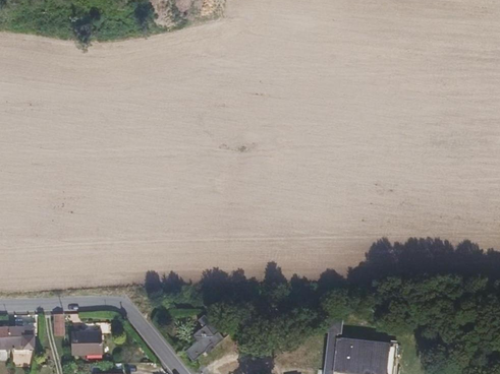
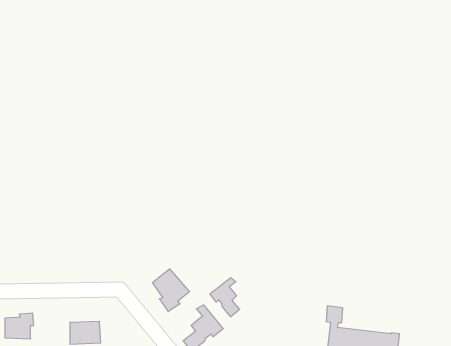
building: none -> [153,269,189,312]
building: none -> [210,278,240,317]

